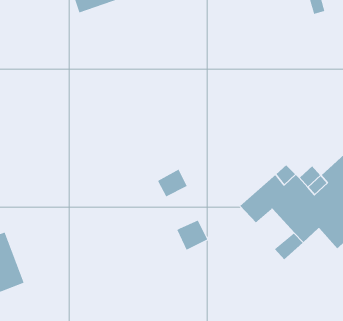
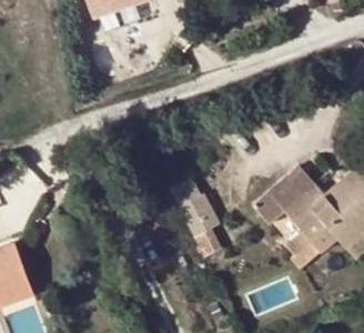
building: none -> [178,193,220,238]

